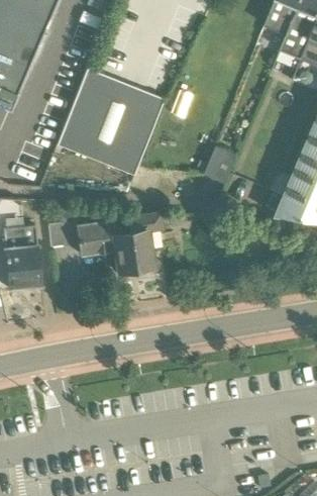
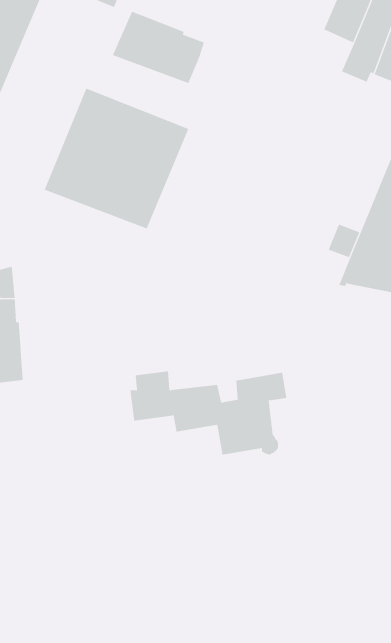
building: none -> [112,11,204,84]
building: [202,146,237,185] -> none
building: [47,210,165,273] -> [129,371,287,455]

